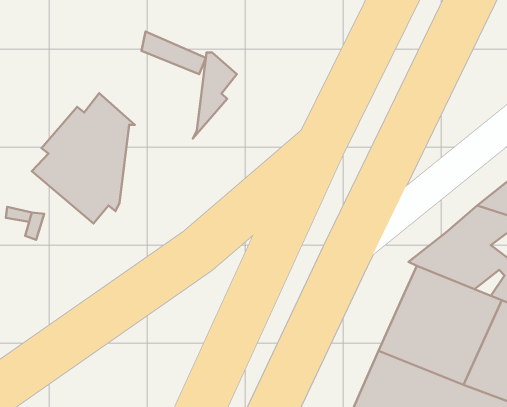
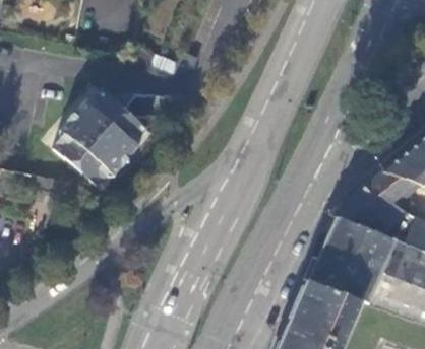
building: [193,52,237,139] -> [113,112,145,176]

